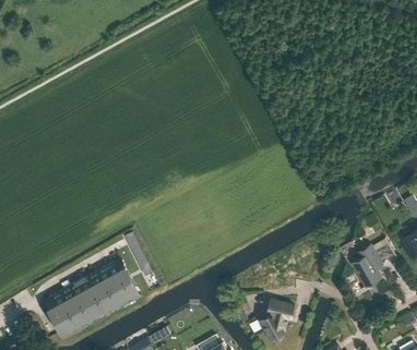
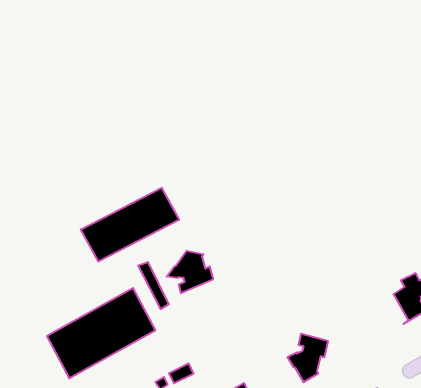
building: none -> [81,188,179,262]
building: none -> [167,251,213,293]

